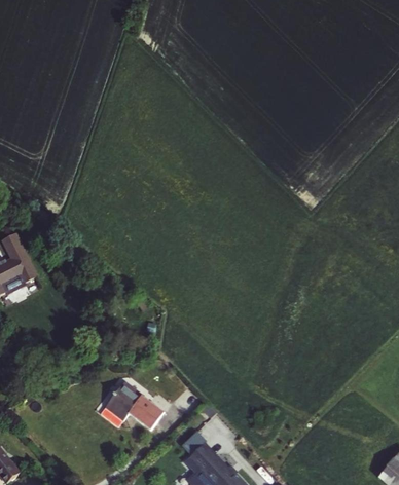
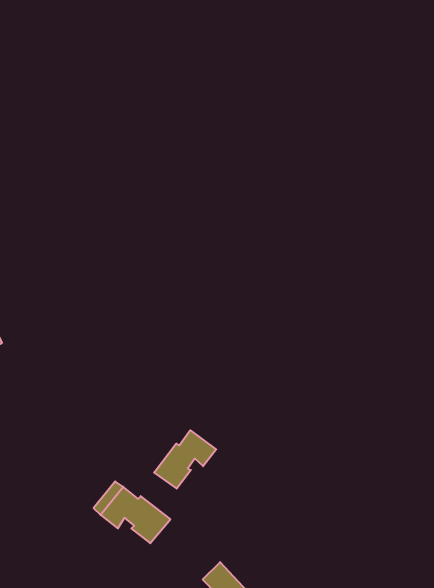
building: none -> [154,430,216,489]

